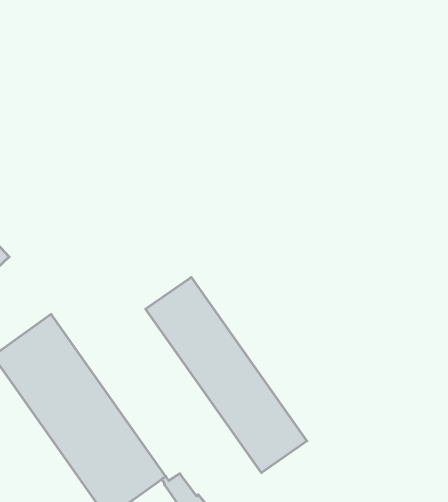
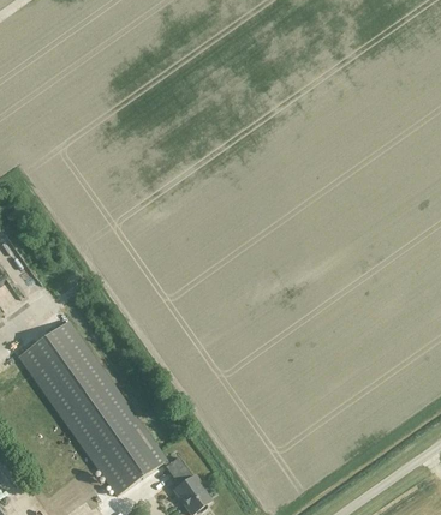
building: [146,277,307,473] -> none

